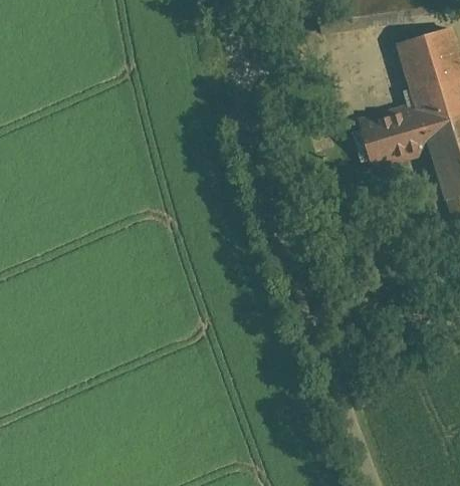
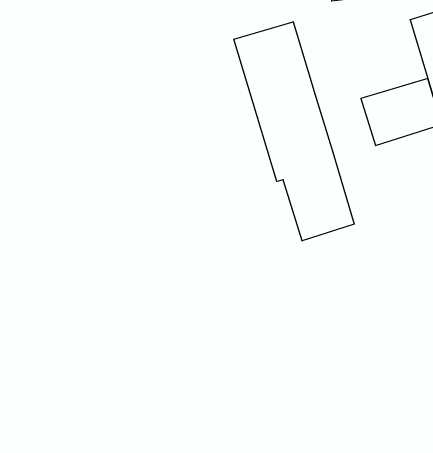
building: none -> [234,22,354,241]

